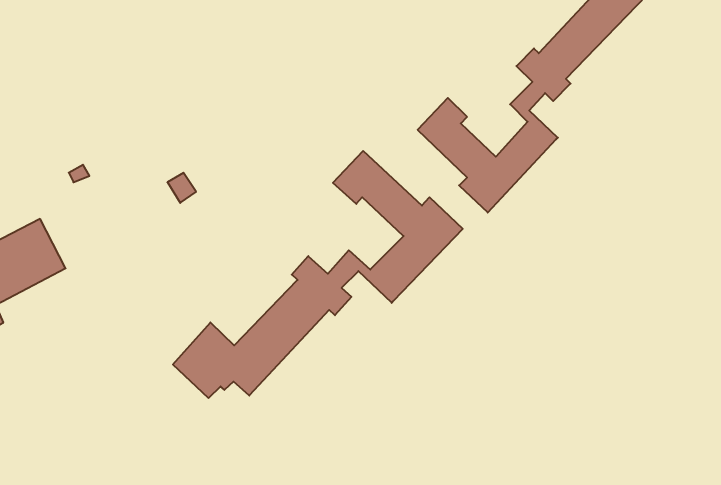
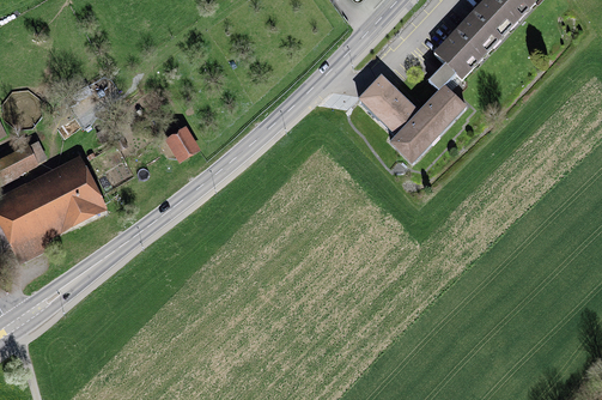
building: [173,151,463,398] -> none

